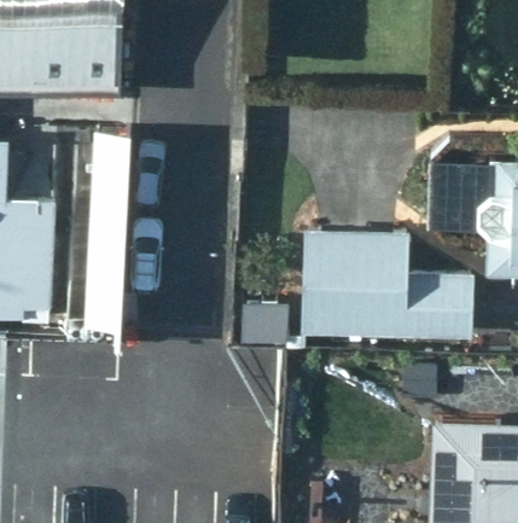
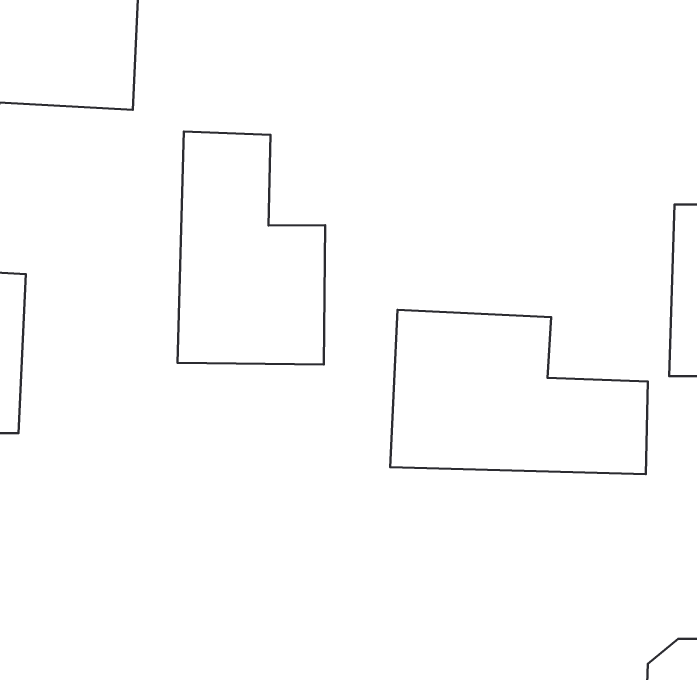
building: none -> [177,132,325,365]

